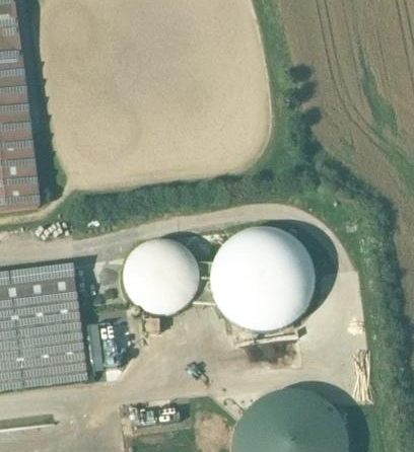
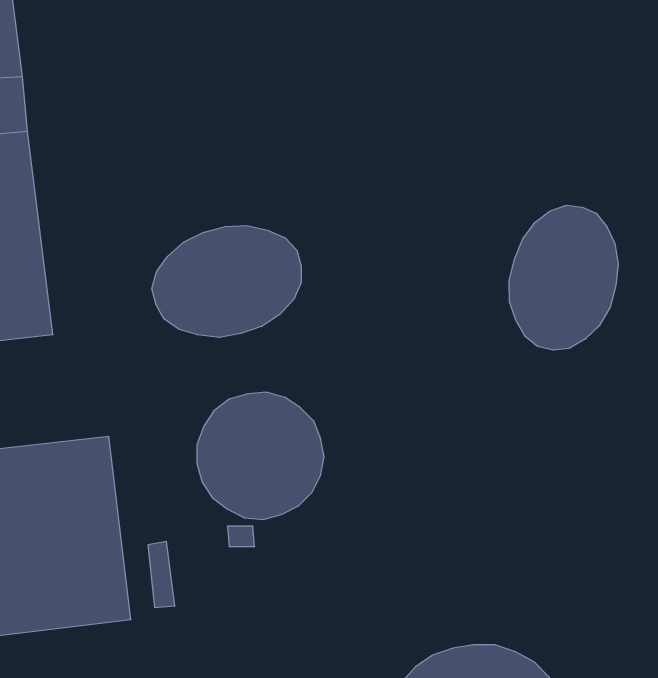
building: none -> [509,205,618,350]
building: none -> [152,226,301,338]
building: [211,227,315,331] -> none

